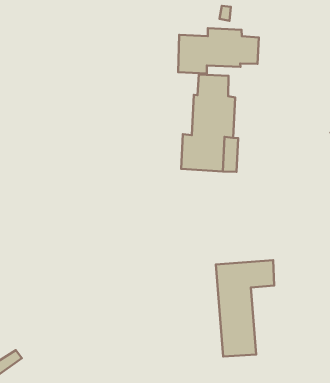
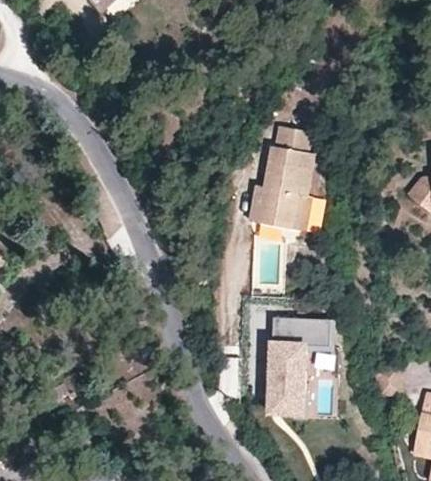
building: [178,28,259,73] -> none

